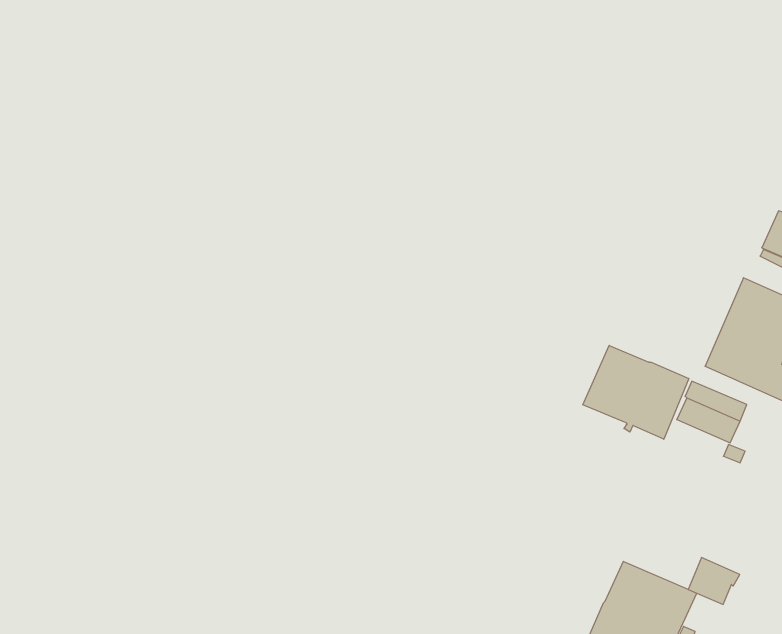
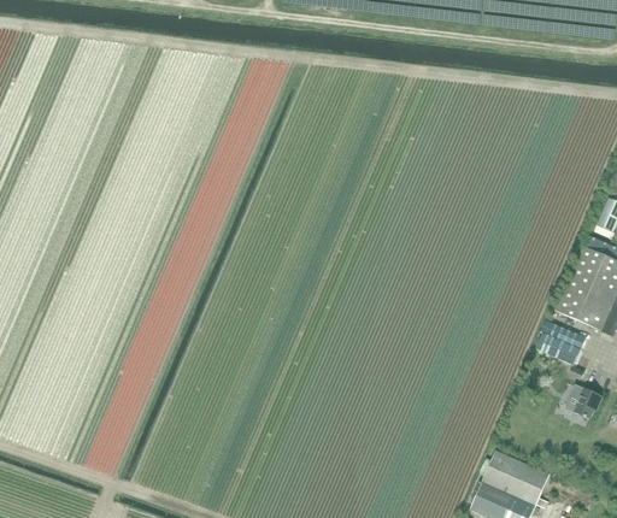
building: [583,345,689,439] -> none
building: [688,558,740,604] -> [565,384,603,418]

